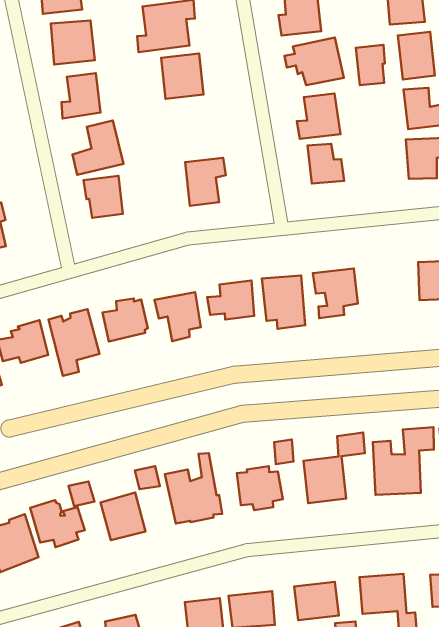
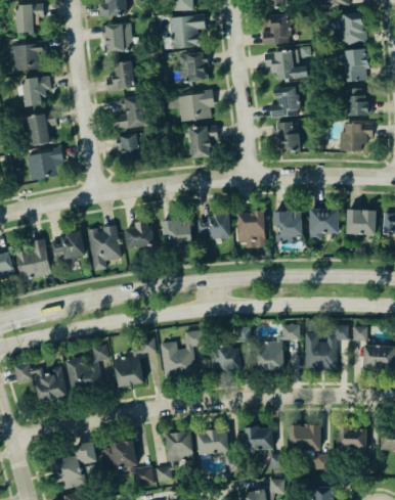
building: [356,45,385,85] -> none
building: none -> [167,93,214,122]
building: none -> [310,209,340,239]

